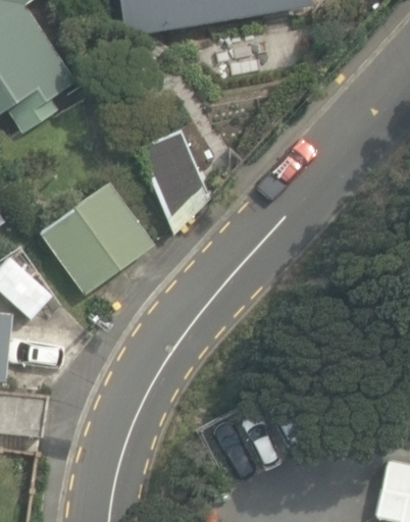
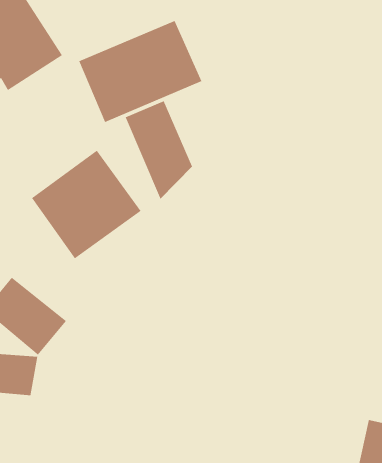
building: none -> [79,20,202,123]

